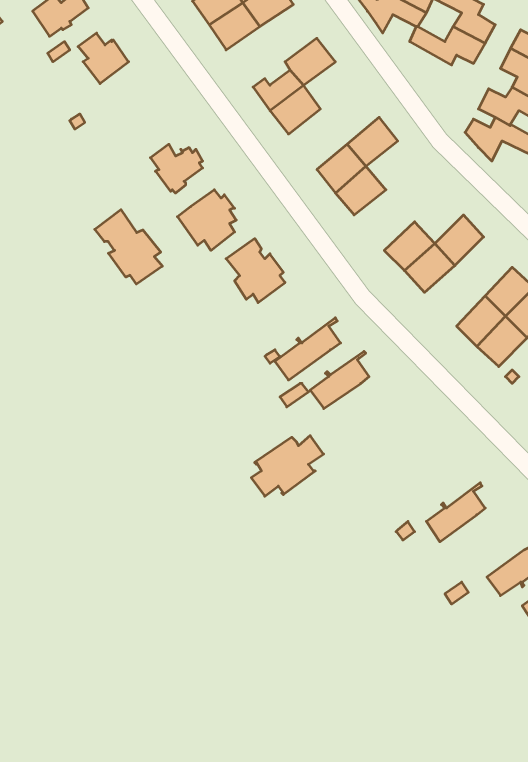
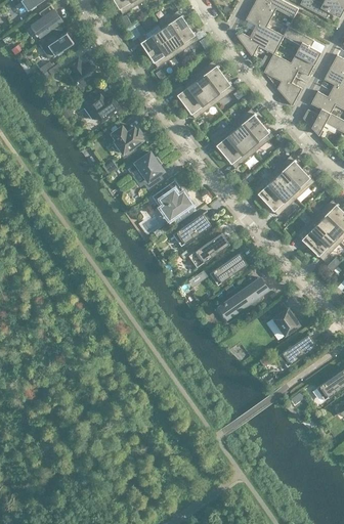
building: none -> [263,62,301,105]
building: none -> [204,75,233,103]
building: none -> [80,90,120,122]
building: none -> [242,123,272,152]
building: none -> [271,156,301,185]
building: [95,210,162,284] -> none
building: none -> [172,211,209,246]
building: [251,436,324,496] -> [223,277,267,314]
building: none -> [270,303,299,335]

